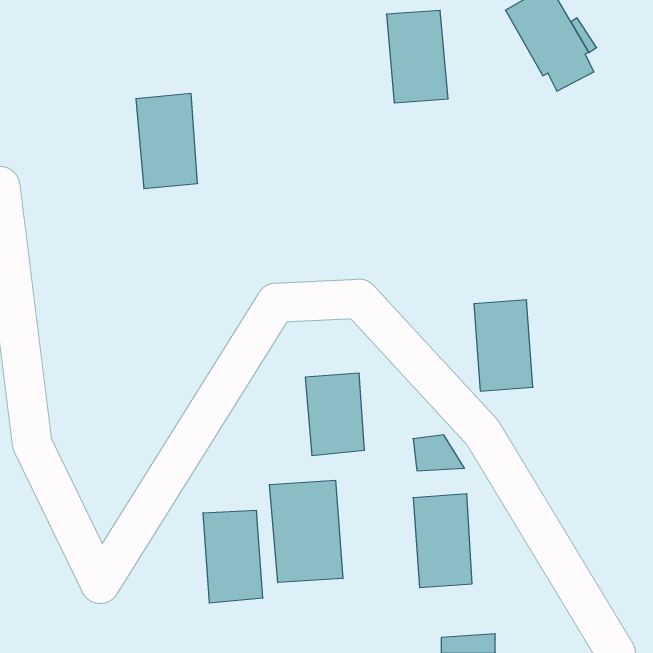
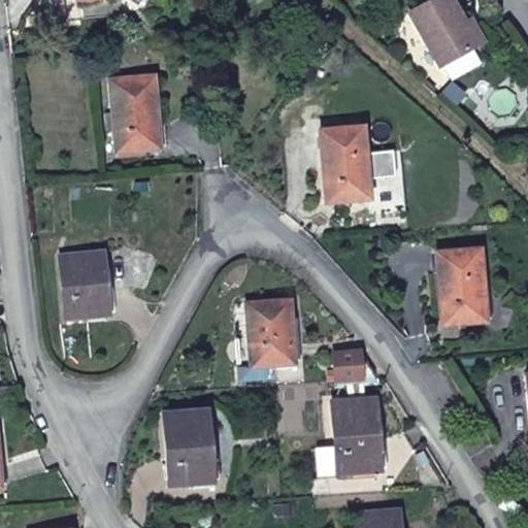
building: [386,10,448,103] -> [322,127,371,201]
building: [474,300,533,391] -> [438,250,486,323]
building: none -> [61,251,110,318]
building: [269,480,343,583] -> none

